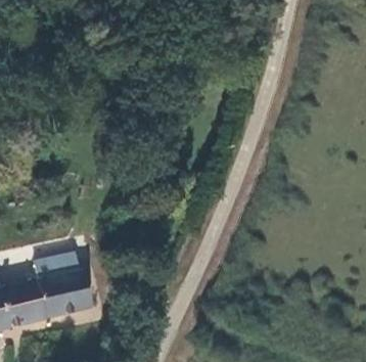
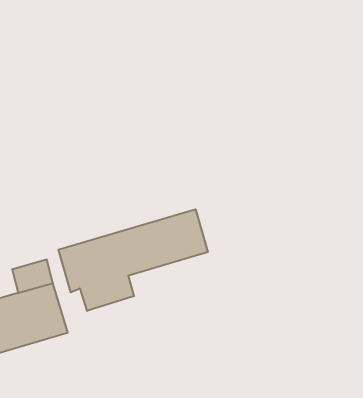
building: none -> [58,209,208,311]

